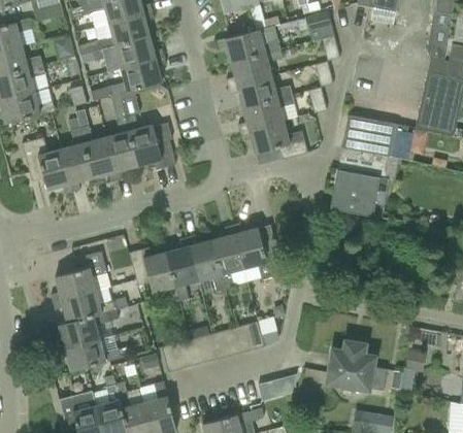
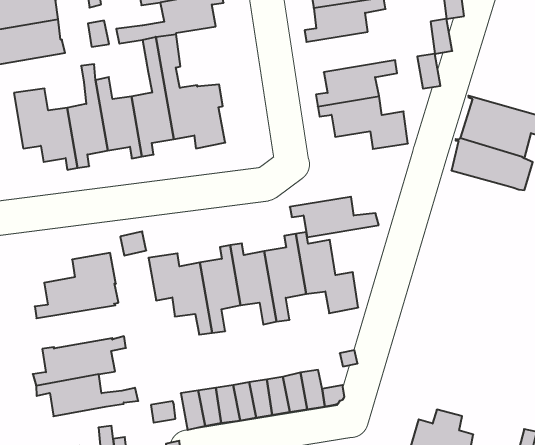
building: [228,75,293,107] -> [290,197,379,237]
building: [330,168,381,216] -> none
building: [53,288,128,323] -> none

